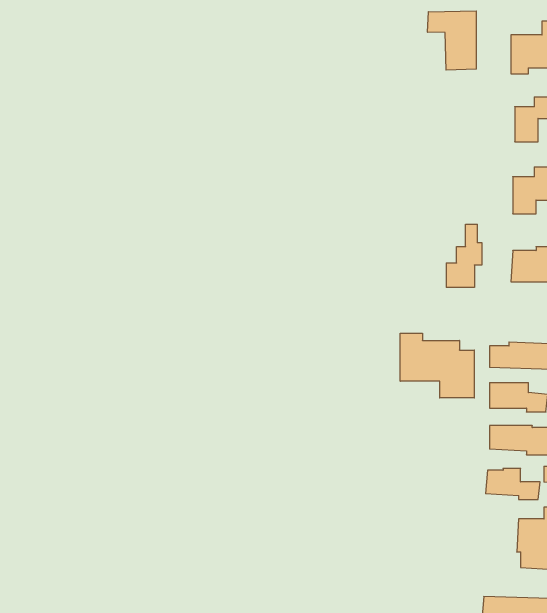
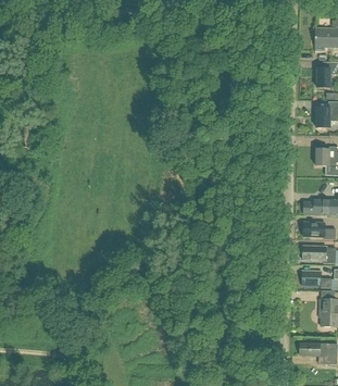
building: [428,11,476,70] -> none
building: [446,224,482,287] -> none
building: [400,333,474,398] -> none

